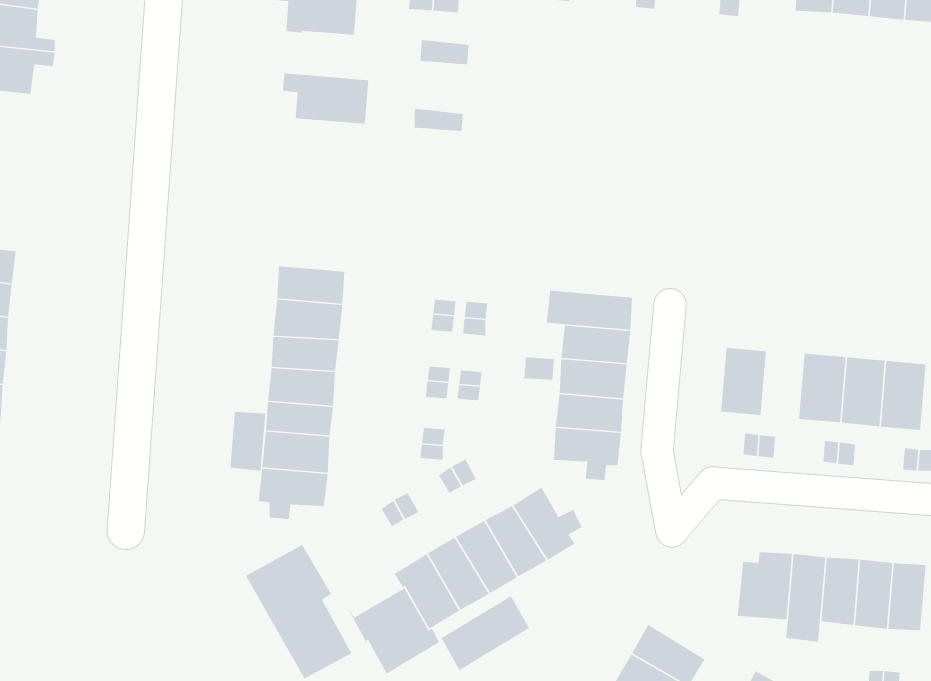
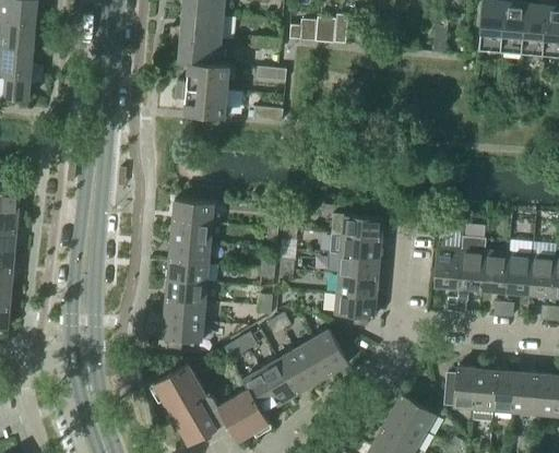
building: none -> [177,63,229,92]
building: none -> [457,237,484,291]
building: [229,411,266,471] -> none
building: [440,595,530,671] -> none
building: none -> [391,395,435,432]

